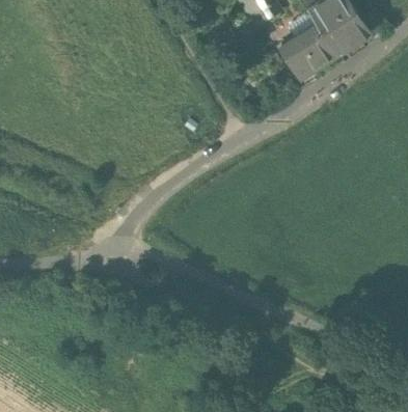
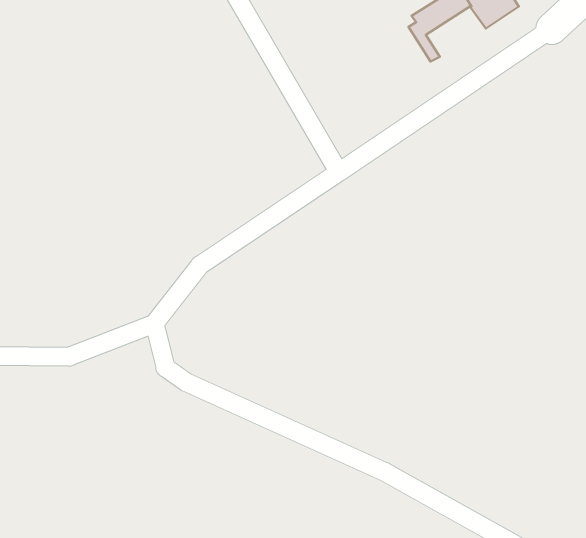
building: [300,40,339,74] -> none

